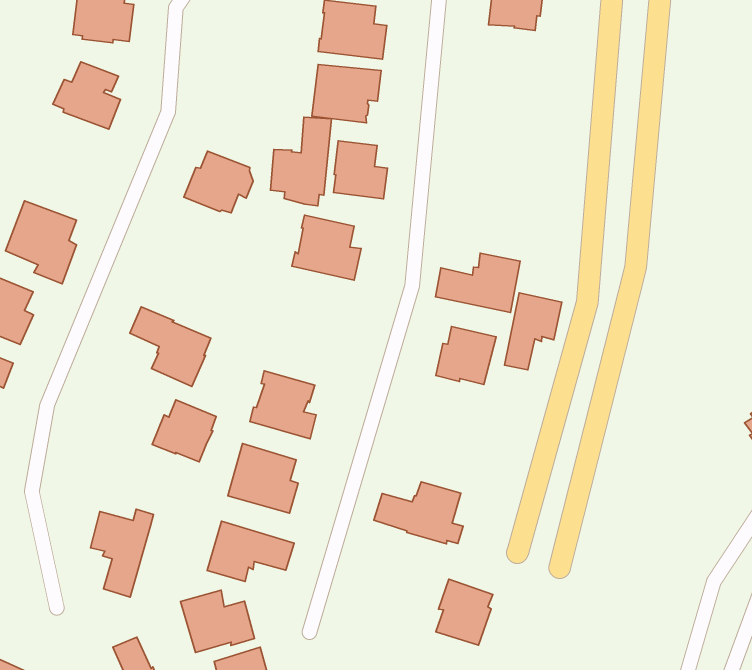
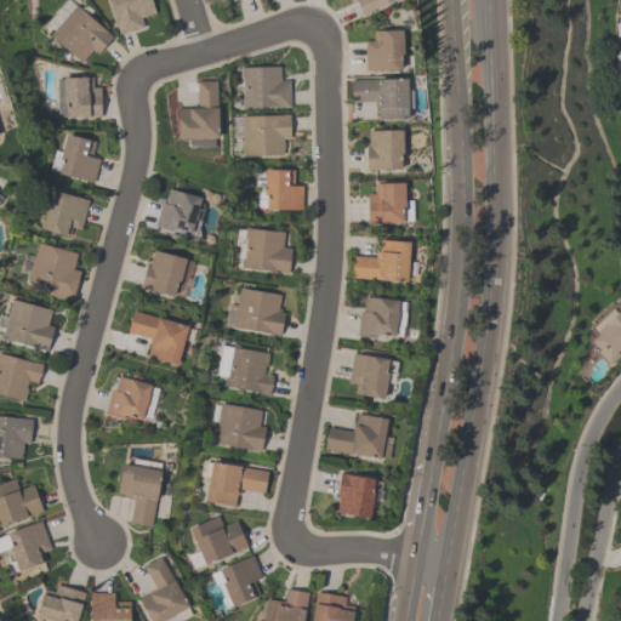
building: none -> [352,79,409,118]
building: none -> [368,130,404,169]
building: [270,117,332,206] -> [178,80,220,146]
building: none -> [44,192,90,235]
building: none -> [369,183,406,223]
building: none -> [142,251,187,296]
building: [504,293,562,370] -> none
building: none -> [234,287,286,334]
building: none -> [349,353,399,399]
building: [152,400,216,462] -> [107,377,152,421]
building: [436,579,493,645] -> [337,473,376,519]

